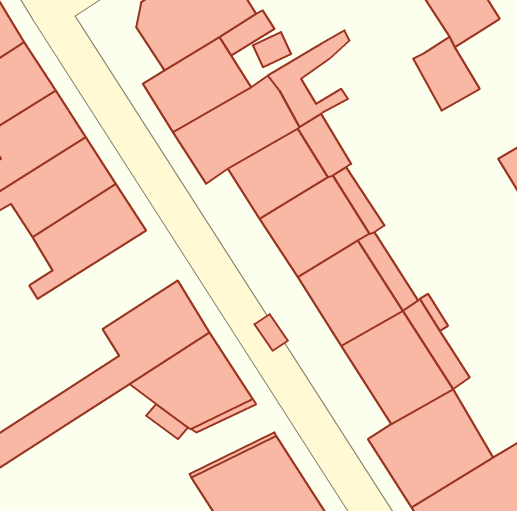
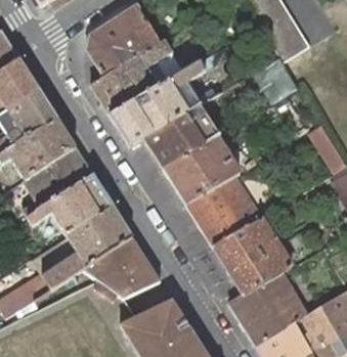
building: none -> [27,174,113,234]

